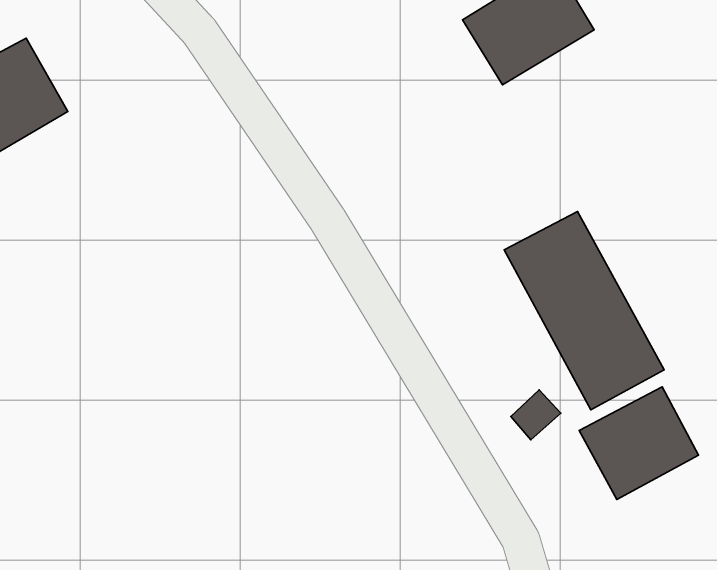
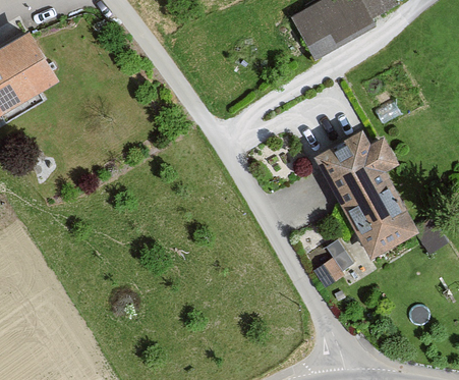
building: [579,387,698,500] -> none

